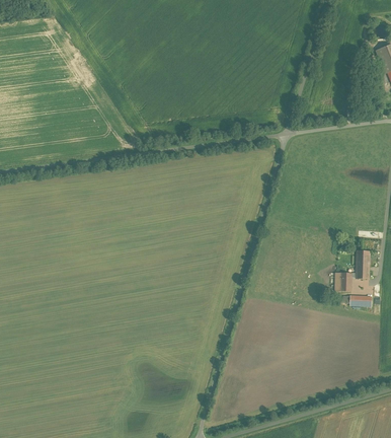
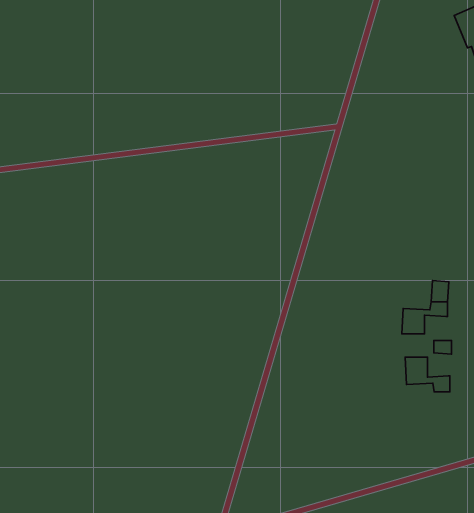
building: none -> [405,357,450,392]

